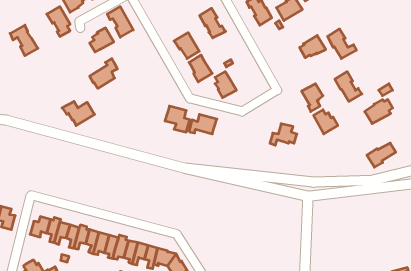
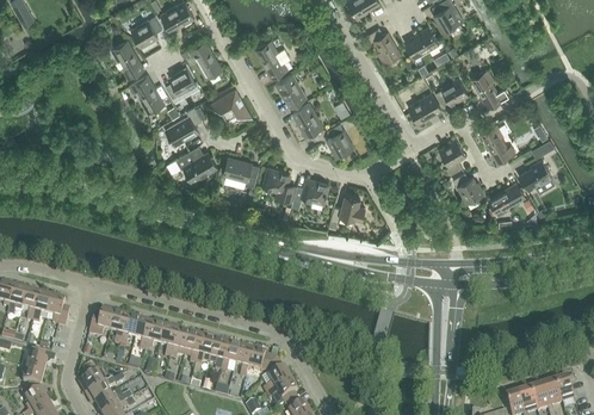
building: [200,8,226,38] -> [255,41,289,79]
building: [10,25,38,56] -> [129,75,165,114]
building: none -> [206,89,249,120]
building: none -> [408,93,441,125]
building: none -> [224,159,259,187]
building: [62,101,95,126] -> [175,151,217,182]
building: [270,124,297,145] -> [330,196,365,223]
building: [367,143,396,167] -> [488,185,525,216]

